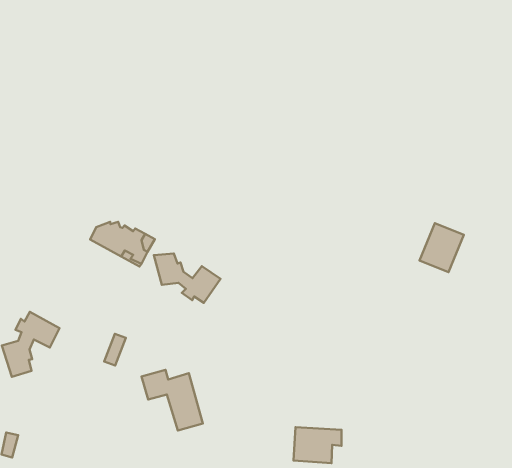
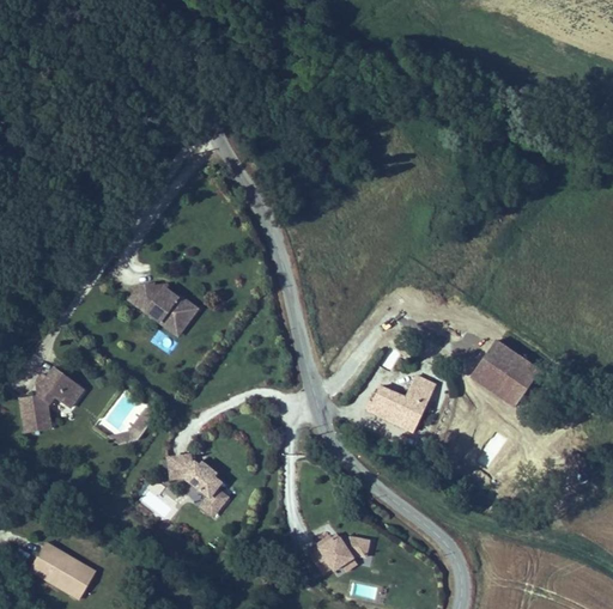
building: none -> [502,353,540,400]
building: [154,253,221,303] -> none
building: none -> [370,376,436,428]

